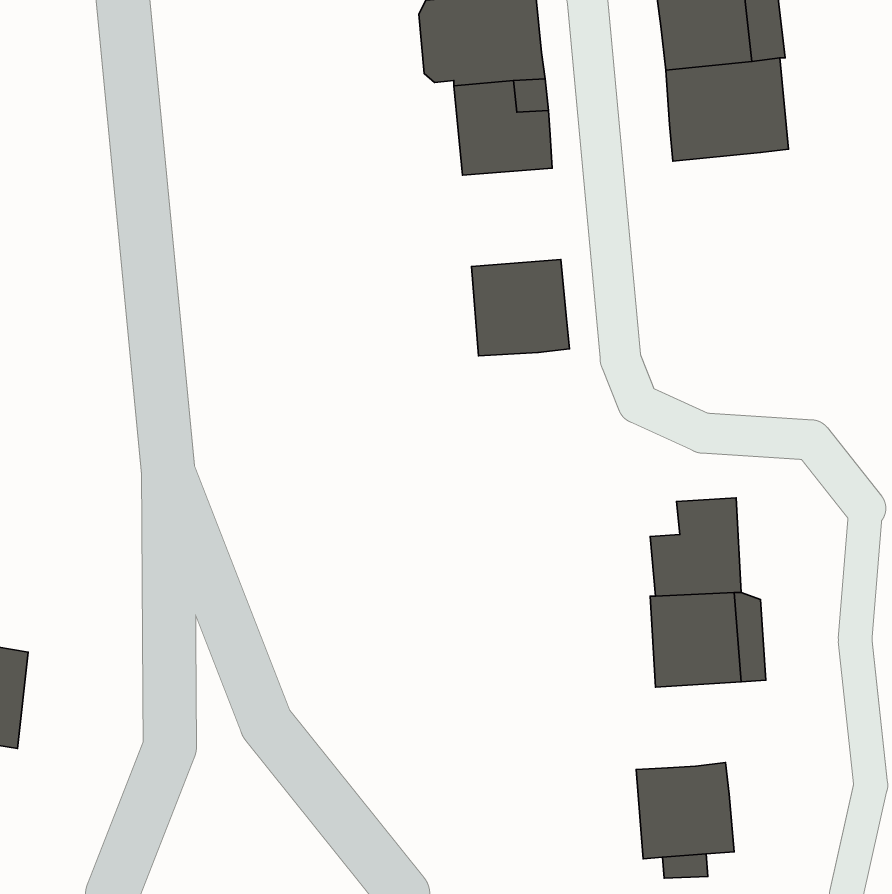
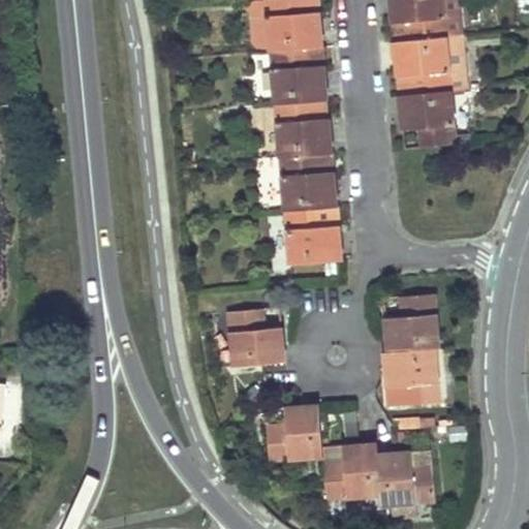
building: none -> [397,90,454,146]
building: none -> [273,99,331,157]
building: none -> [282,208,341,263]
building: none -> [226,309,283,366]
building: none -> [264,404,321,461]
building: none -> [322,443,378,498]

